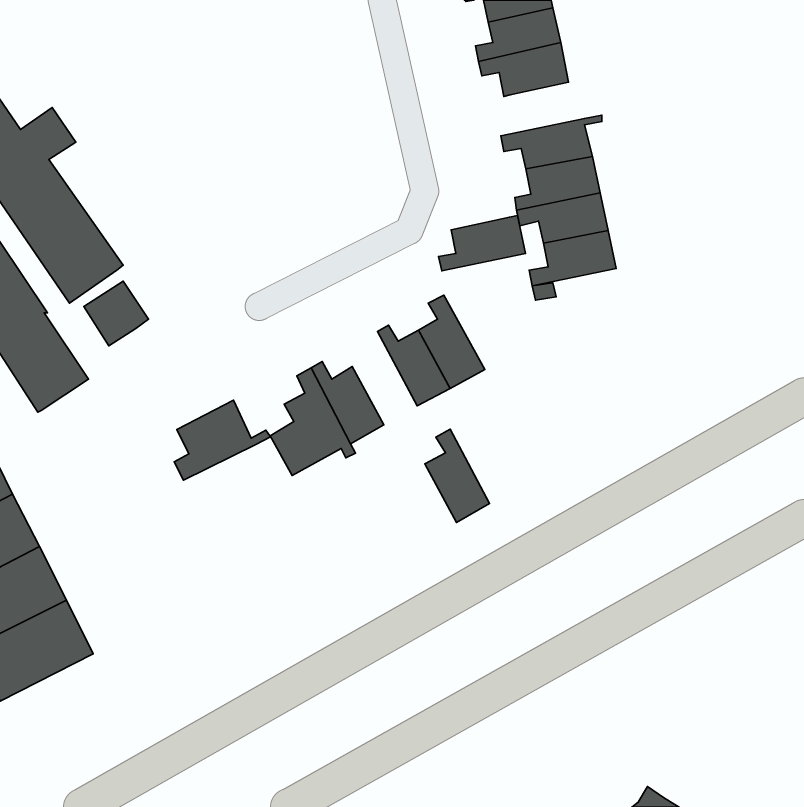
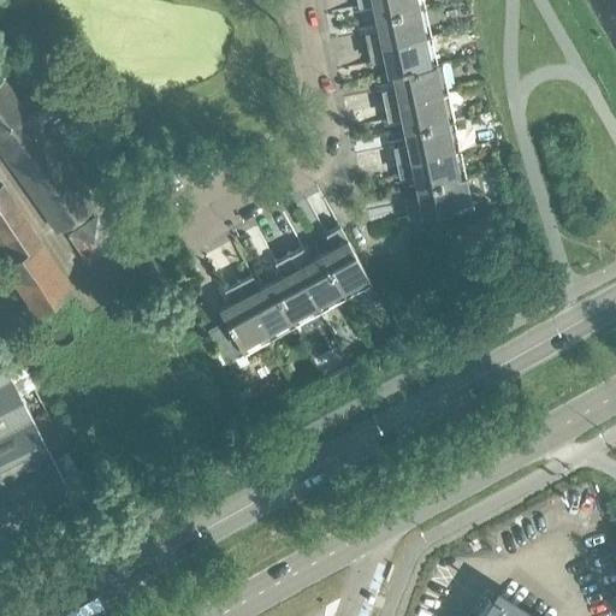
building: [439,216,525,271] -> [379,61,445,103]
building: [174,400,271,480] -> none
building: [425,429,490,522] -> [268,253,318,324]

